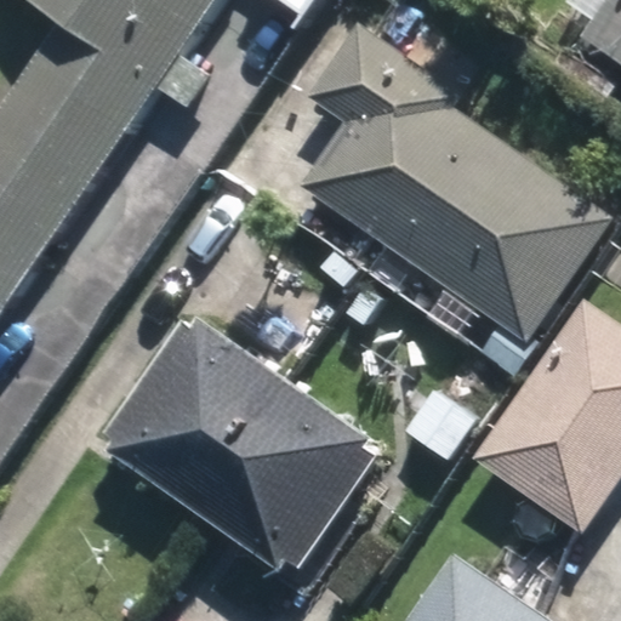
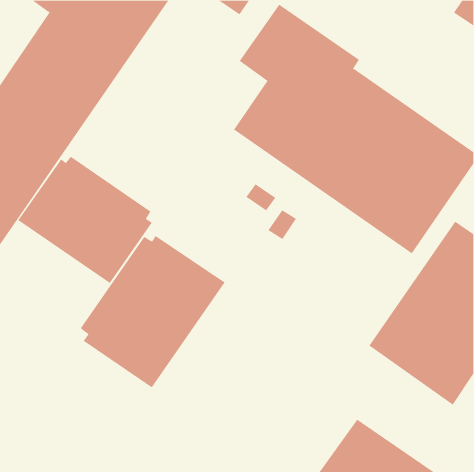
building: none -> [17,156,153,284]
building: [194,378,380,574] -> none

